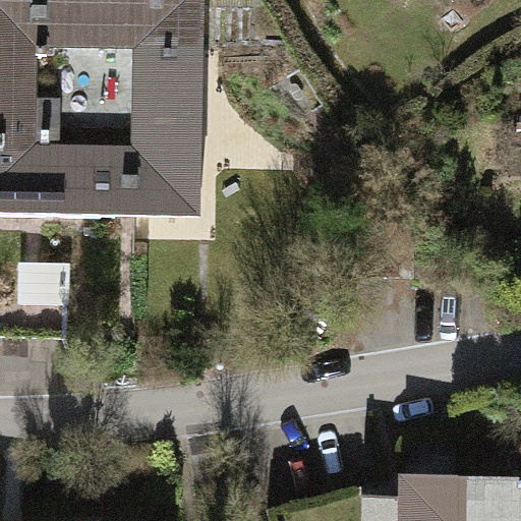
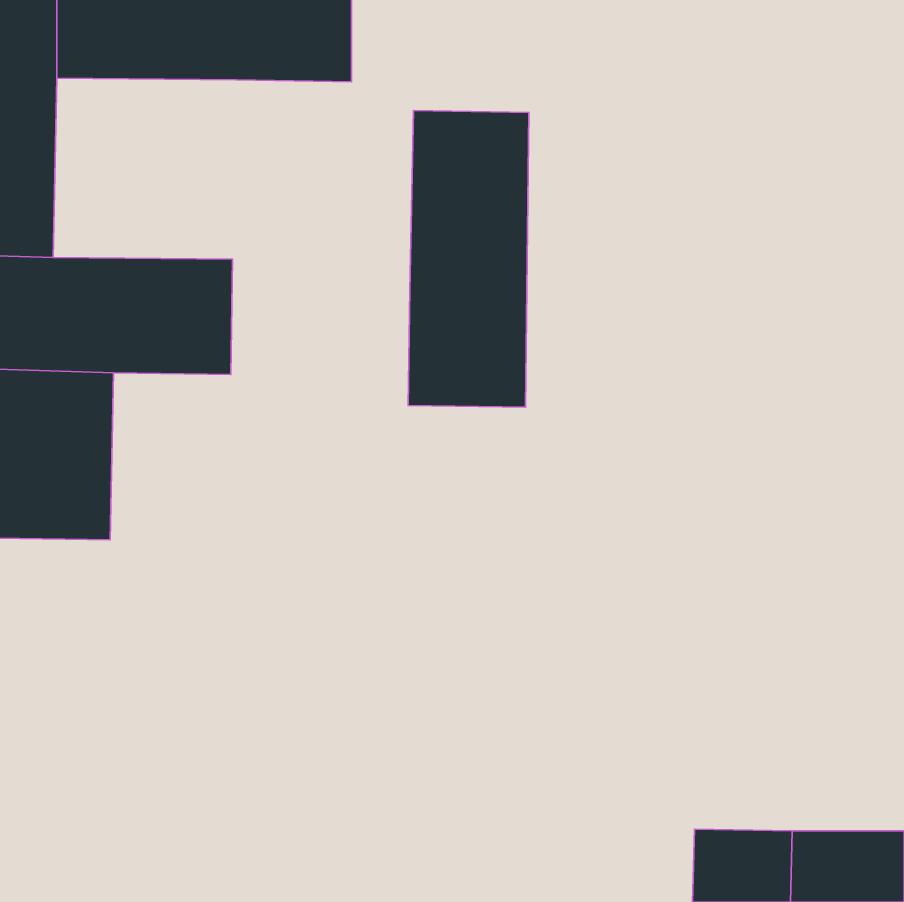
building: [132,46,201,216] -> [408,111,529,407]

